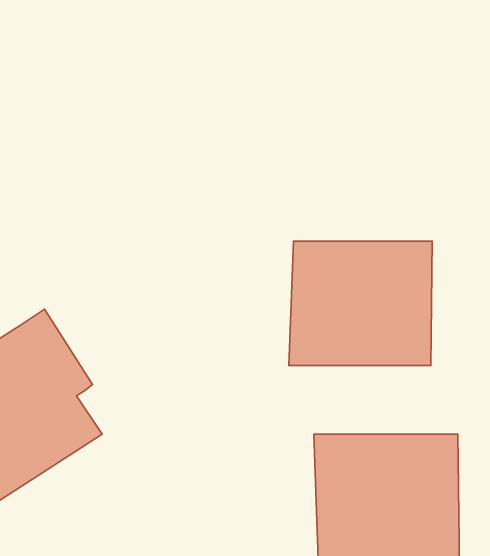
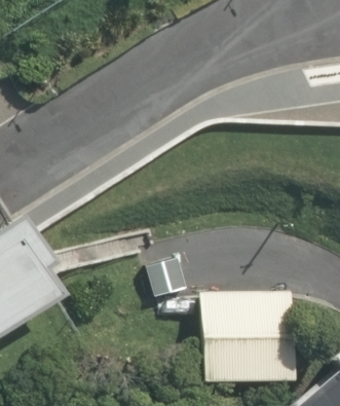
building: [289,241,432,366] -> none

